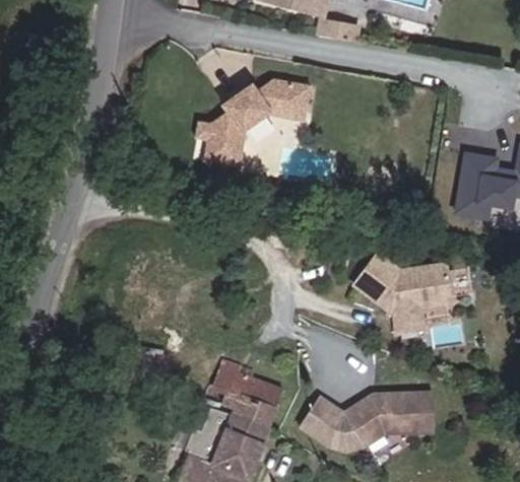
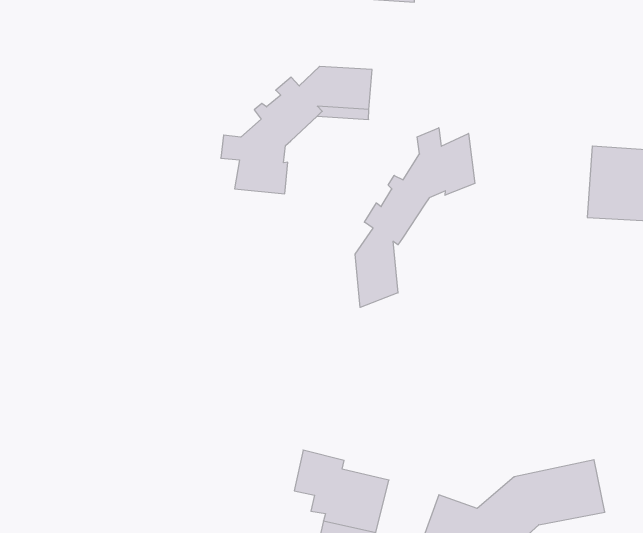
building: none -> [355,128,475,307]
building: [354,251,451,329] -> none

